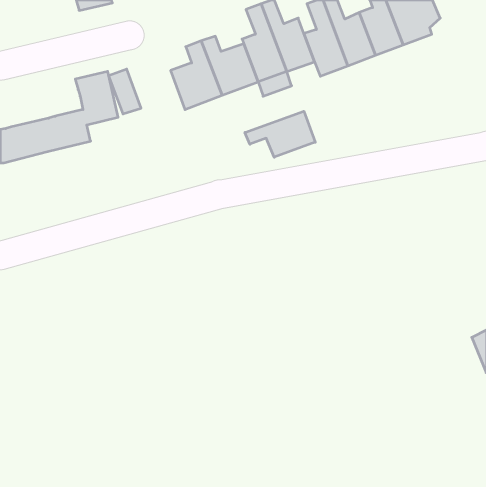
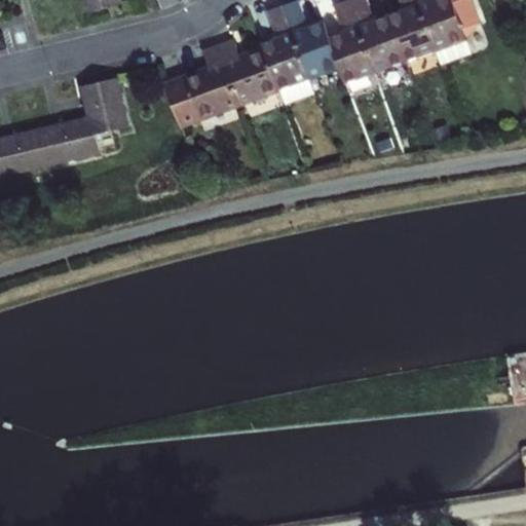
building: [109,69,141,114] -> [165,76,200,124]
building: [245,111,315,157] -> none

